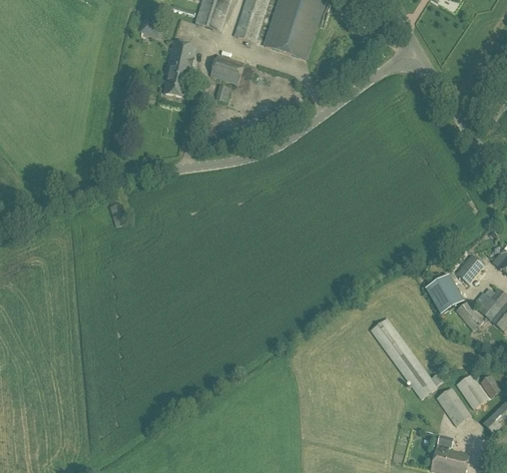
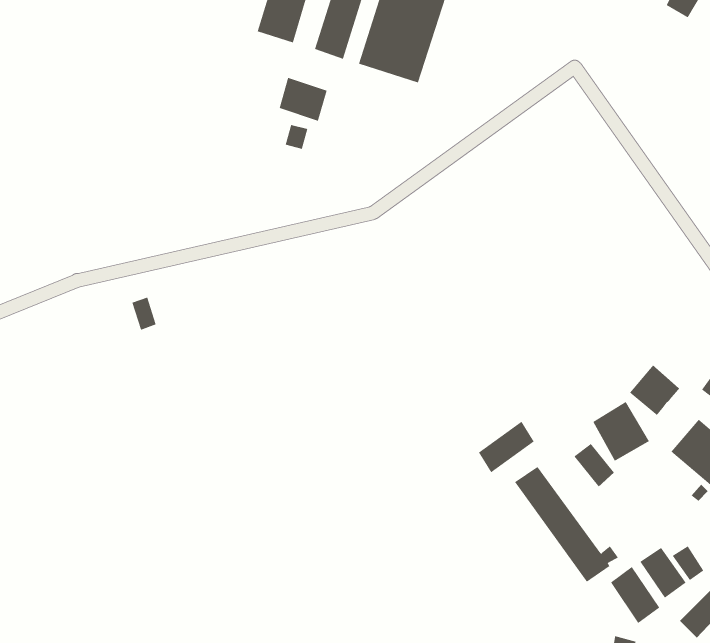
building: [164,40,196,96] -> none
building: none -> [478,421,534,473]
building: [455,300,483,330] -> [573,443,615,487]

